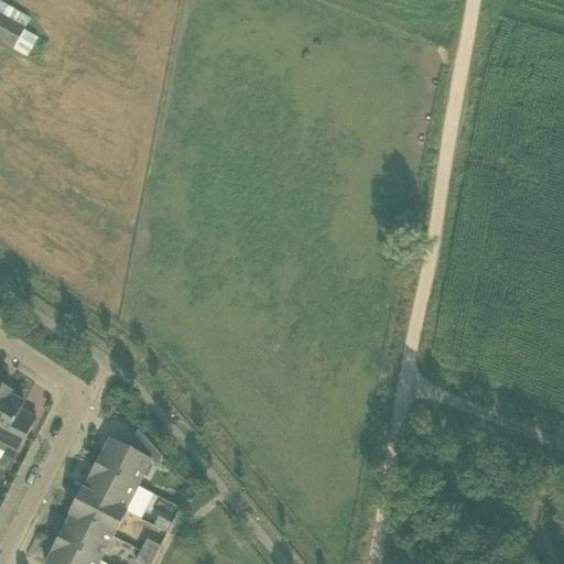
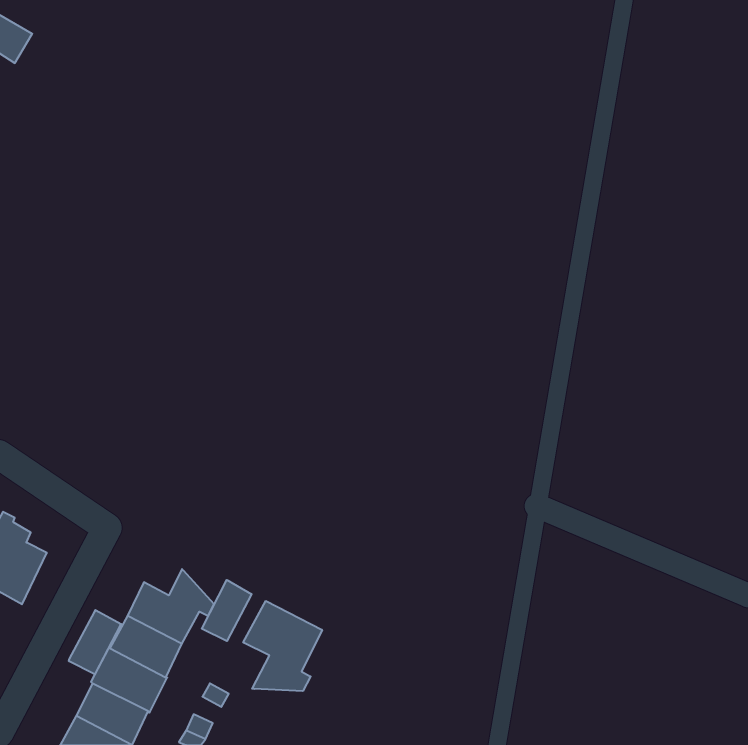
building: none -> [202,580,252,641]
building: none -> [243,601,322,691]
building: none -> [69,610,121,674]

